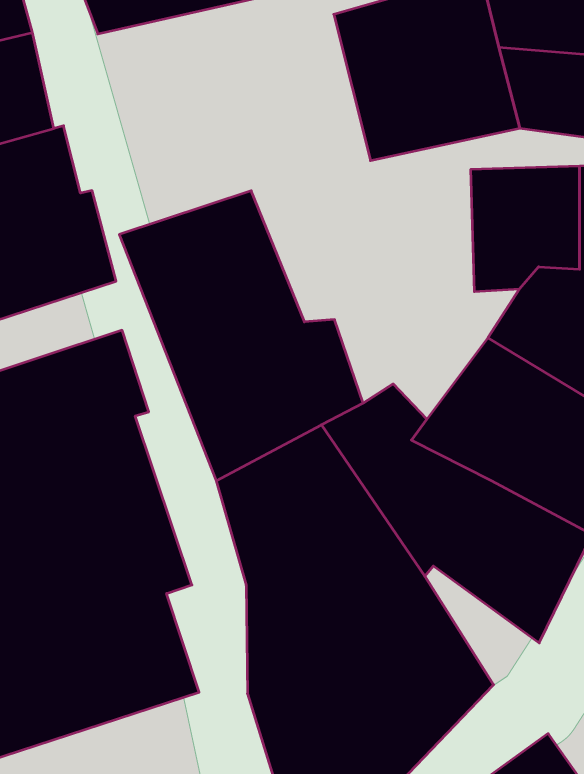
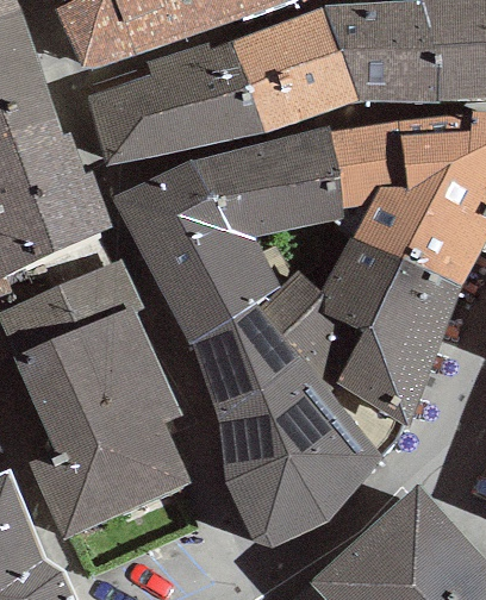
building: none -> [86,42,266,168]
building: none -> [192,125,343,239]

